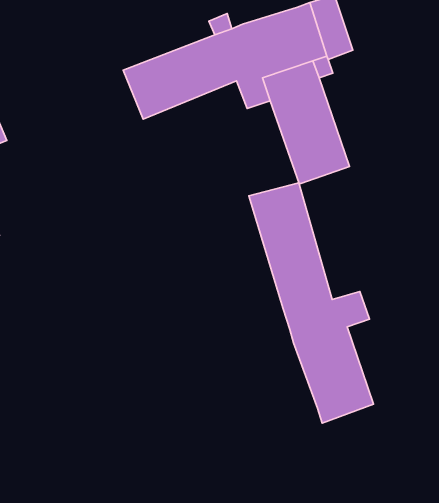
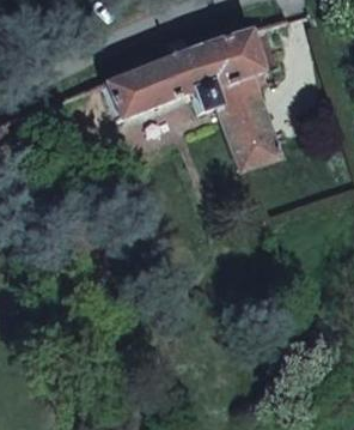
building: [249,183,374,423] -> none

